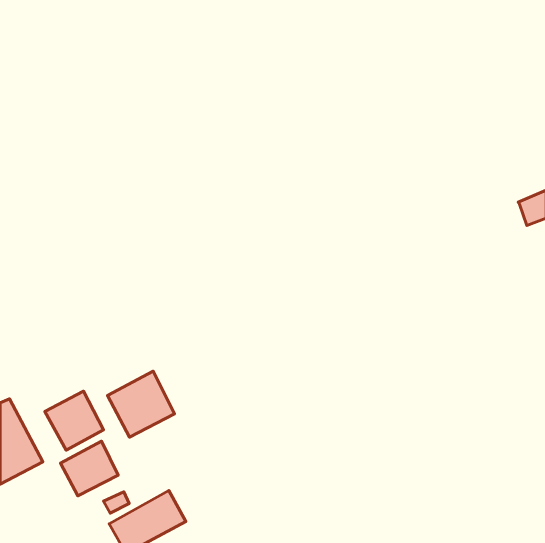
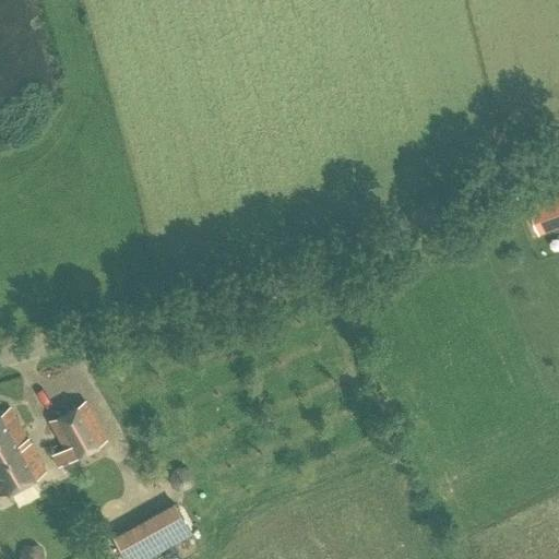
building: [107,371,175,437] -> none
building: [61,441,118,496] -> none

